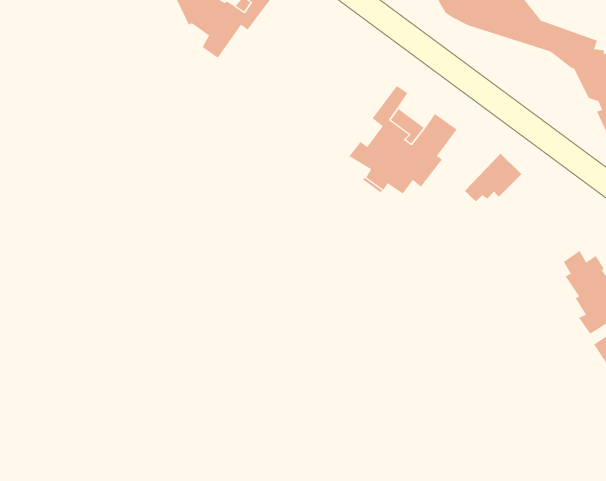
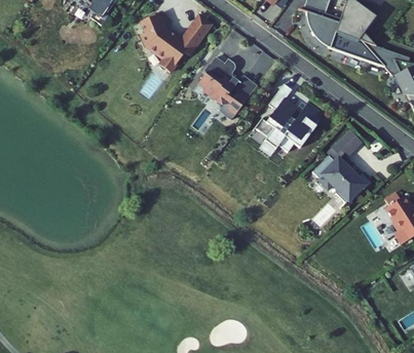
building: none -> [200,55,259,116]
building: none -> [310,154,365,201]

